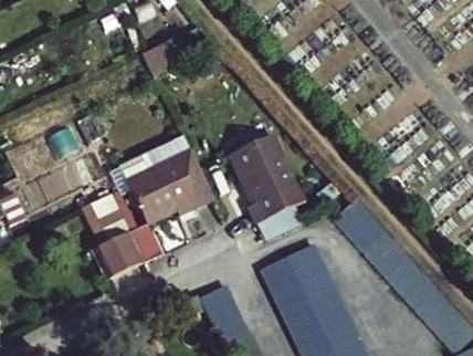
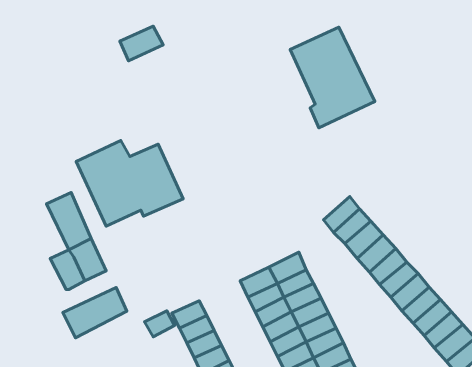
building: [228,133,303,222] -> [290,27,375,128]
building: none -> [63,287,127,338]

